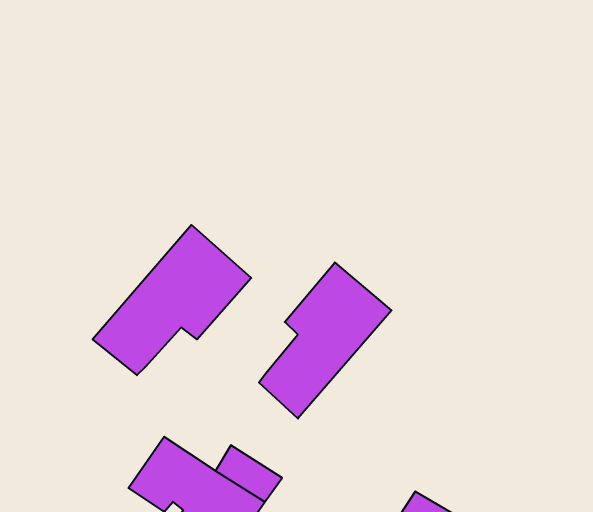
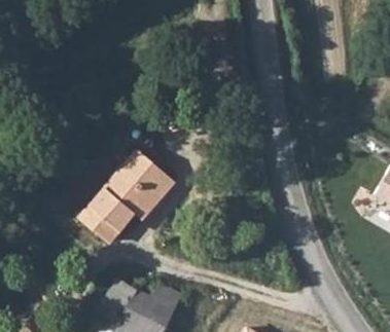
building: [259,262,392,419] -> none

